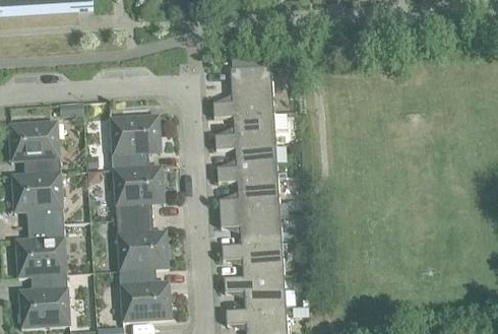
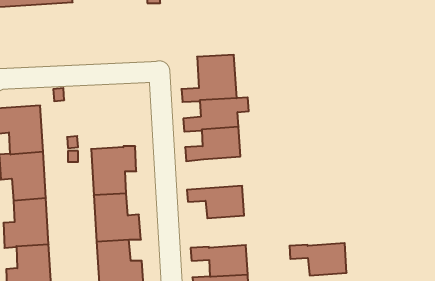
building: [110,114,160,168] -> none
building: [219,176,279,212] -> none
building: [221,241,284,276] -> [289,243,347,275]

